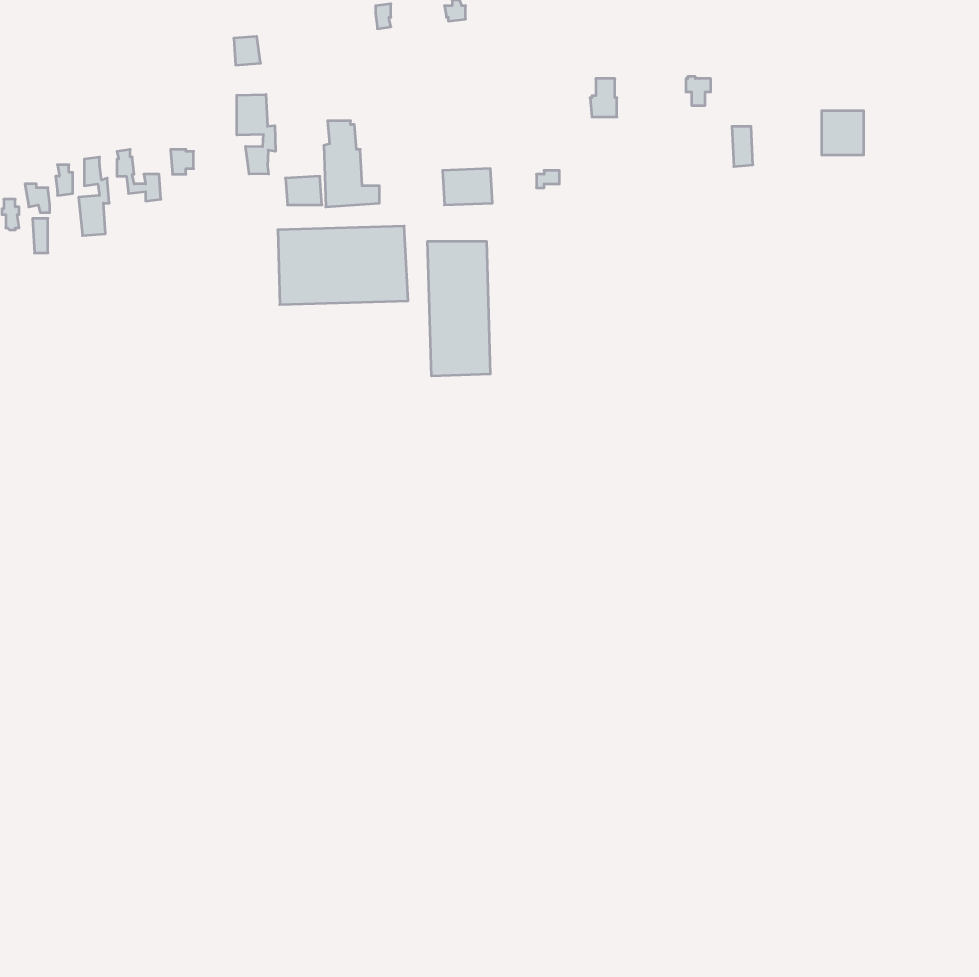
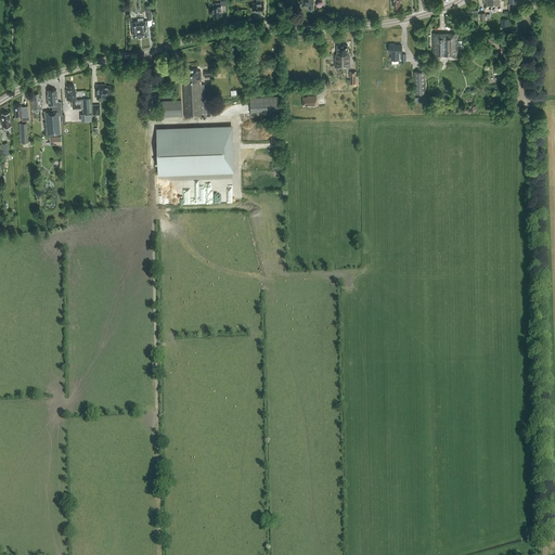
building: [237,94,275,174] -> none
building: [822,111,864,155] -> [433,35,456,60]
building: [428,241,490,376] -> none

